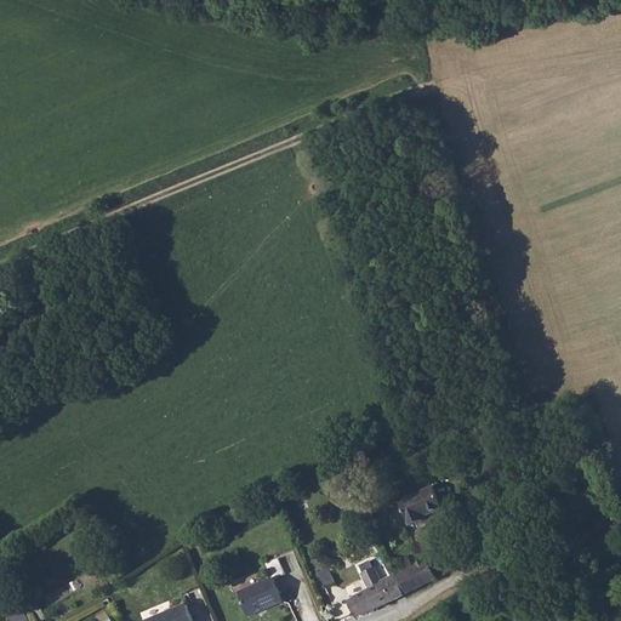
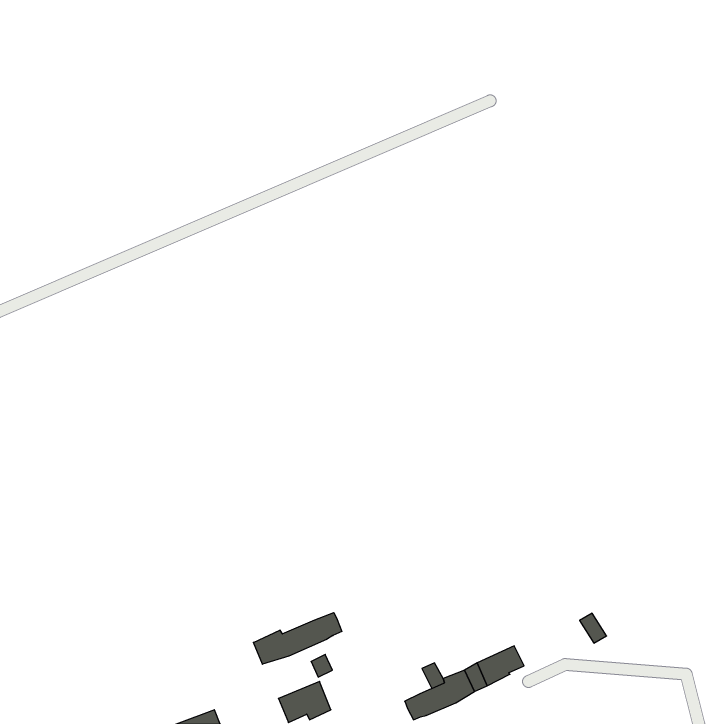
building: [398,479,441,520] -> none
building: none -> [253,613,342,664]

